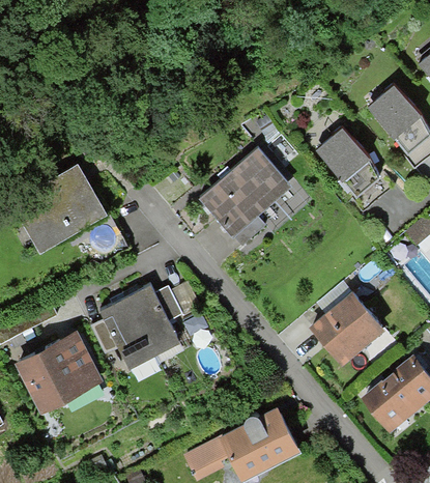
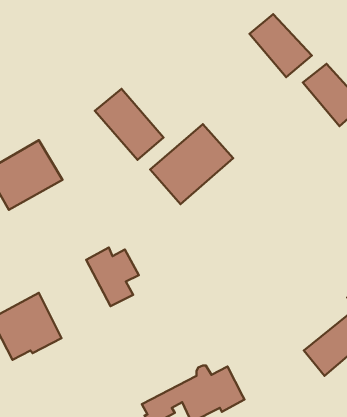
building: none -> [95,89,164,160]
building: [314,125,382,195] -> [250,14,312,77]
building: [313,293,383,363] -> none
building: [92,299,161,377] -> none

